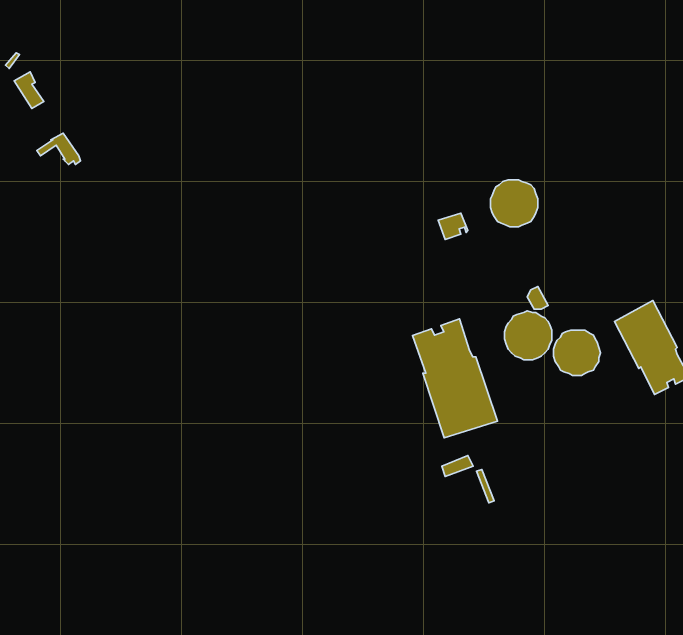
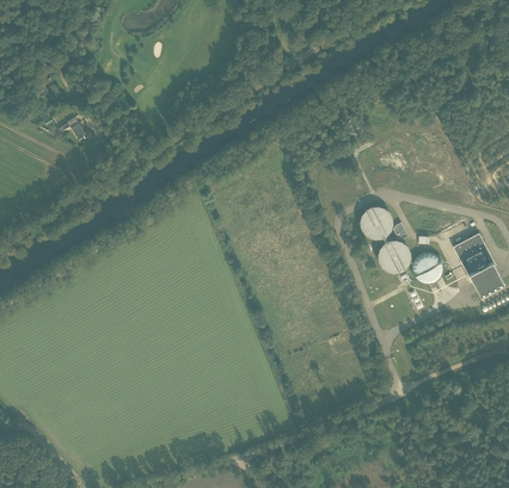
building: [491,180,538,227] -> [360,206,392,238]
building: [413,319,497,438] -> none

